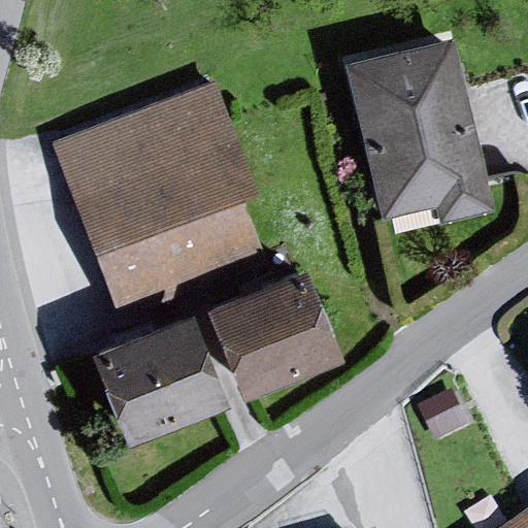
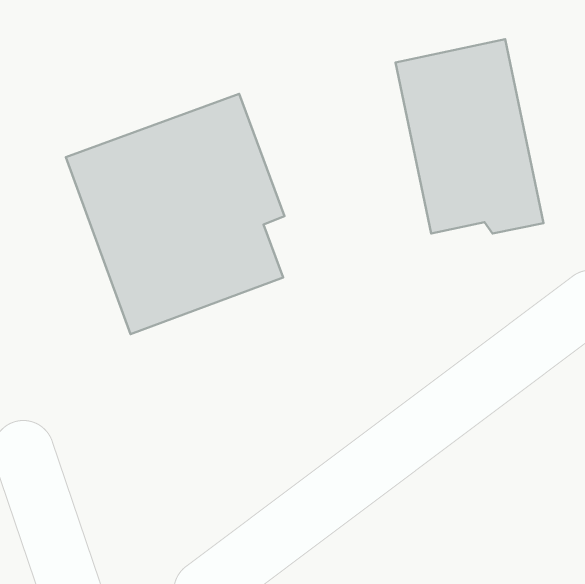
building: [184,272,324,405] -> none
building: [80,319,208,452] -> none

